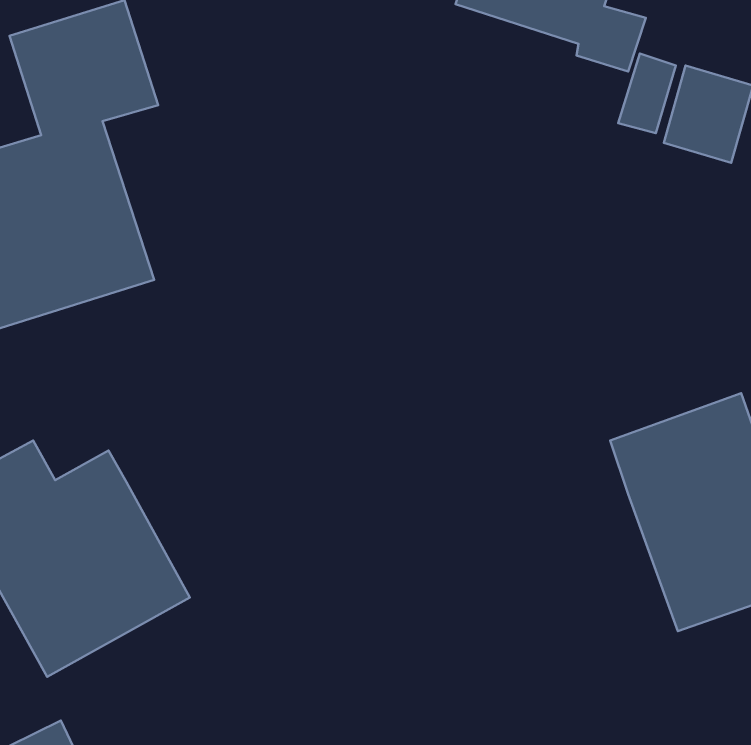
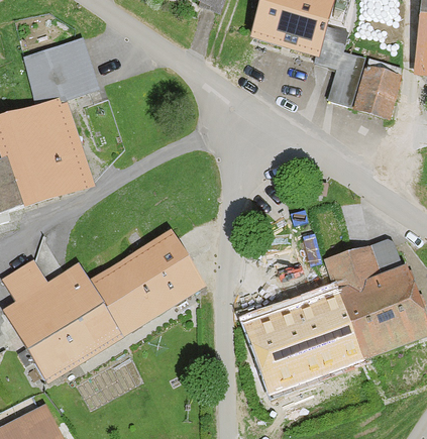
building: none -> [82,233,201,339]
building: none -> [243,283,362,391]

